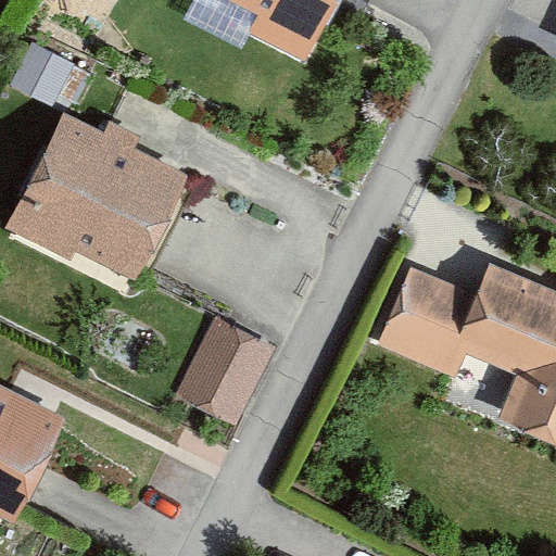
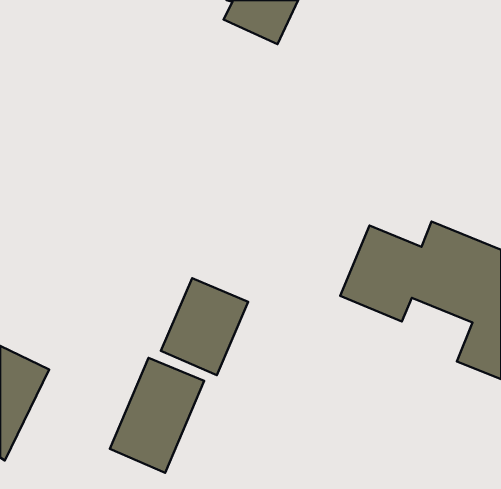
building: [10,115,175,275] -> none
building: none -> [110,358,204,473]

